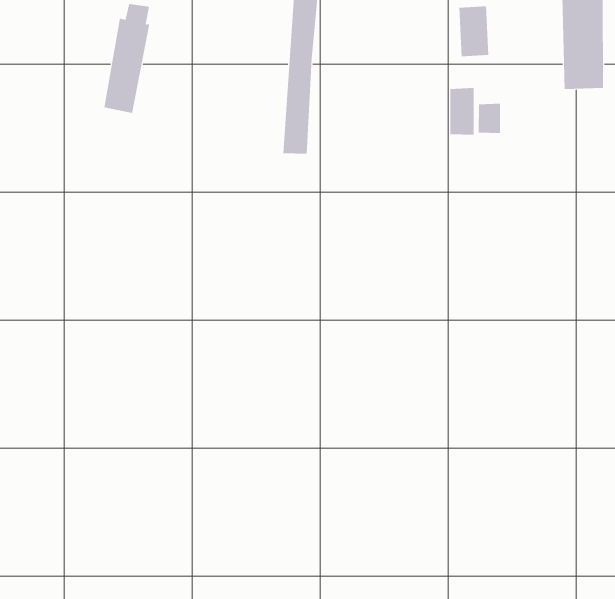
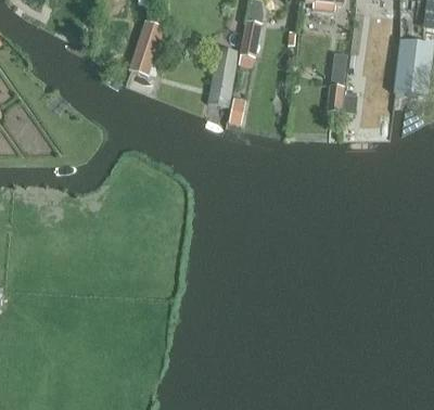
building: none -> [208,47,238,106]

